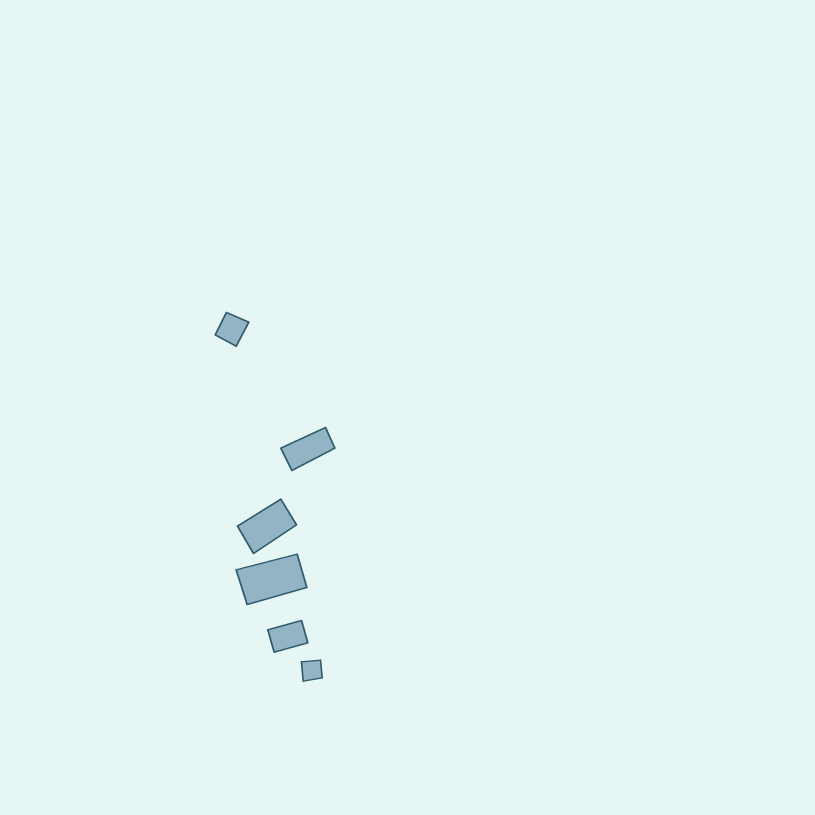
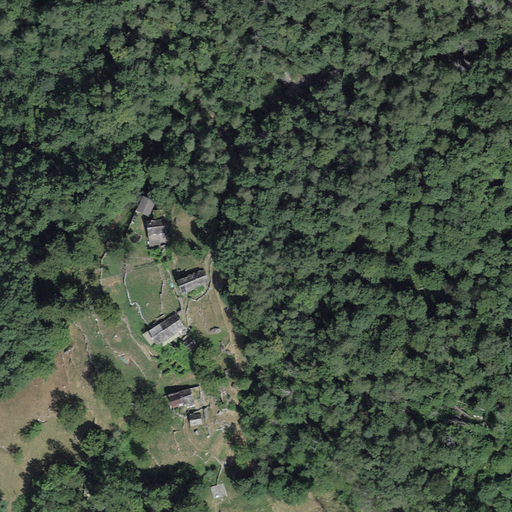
building: none -> [146,219,167,246]
building: [236,554,307,604] -> none

